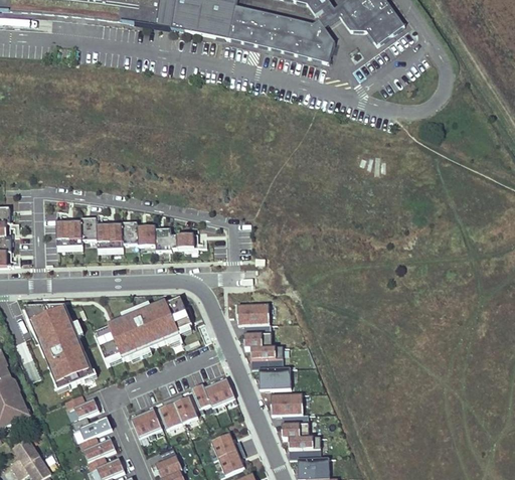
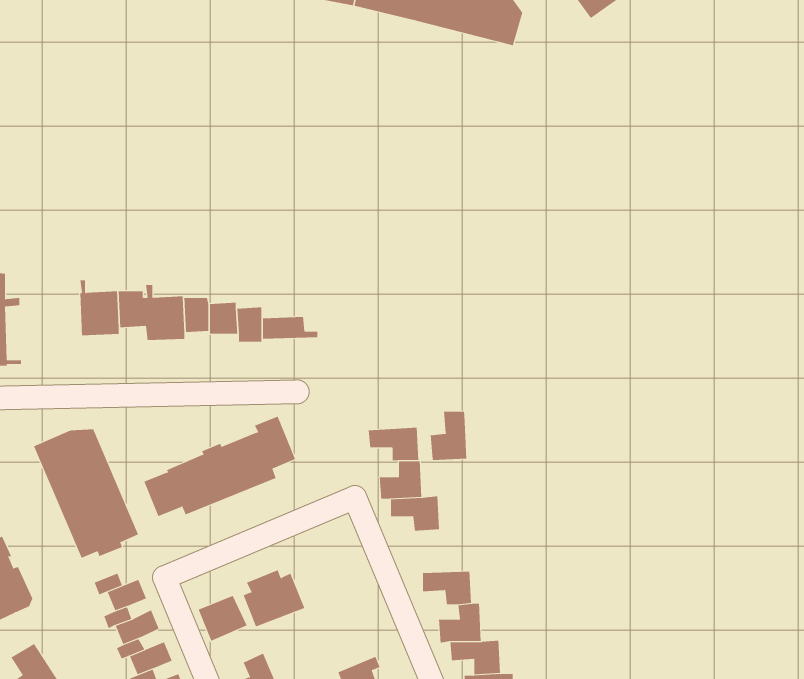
building: none -> [430,411,467,461]
building: [258,367,290,389] -> none
building: [190,377,234,409] -> none
building: [210,432,241,457] -> none

